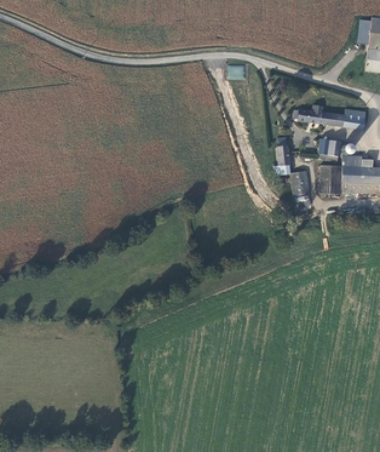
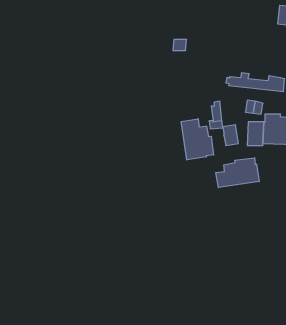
building: none -> [181,119,214,160]
building: none -> [216,158,259,188]

